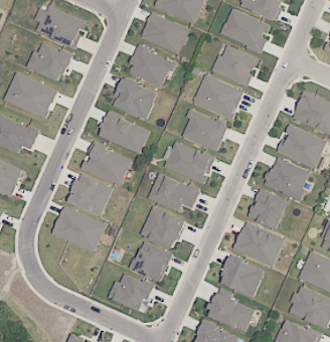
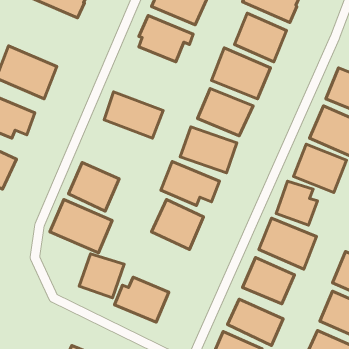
building: [26,44,70,81] -> none
building: [111,78,157,120] -> none
building: [80,145,132,185] -> none
building: [133,243,172,282] -> [79,254,124,298]

